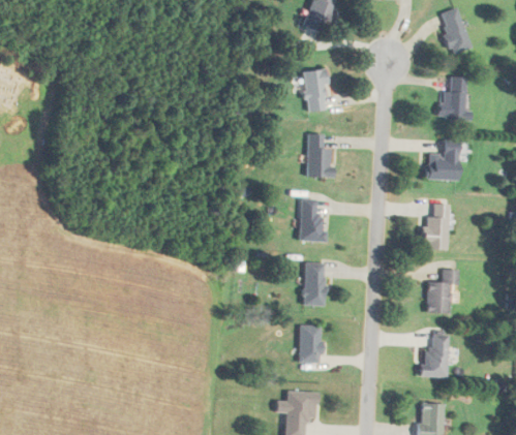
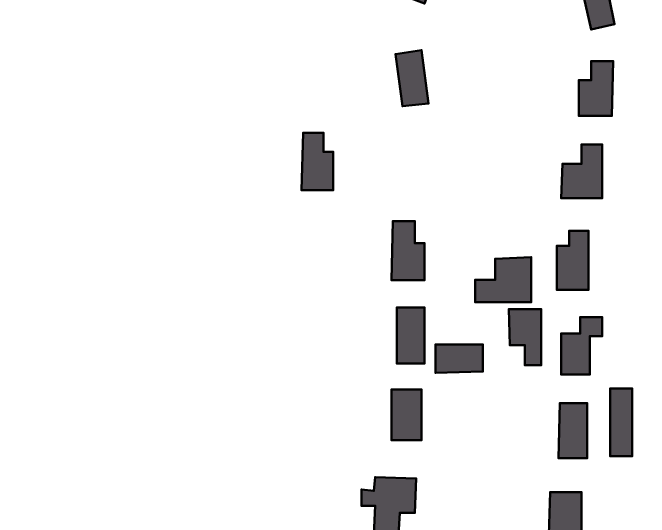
building: [307,133,331,177] -> [302,133,333,190]
building: none -> [475,257,531,302]
building: none -> [509,309,541,365]
building: none -> [435,345,483,373]
building: none -> [610,388,632,456]

